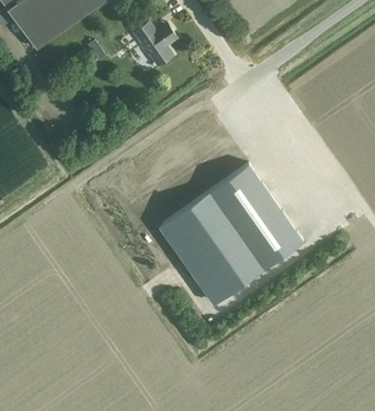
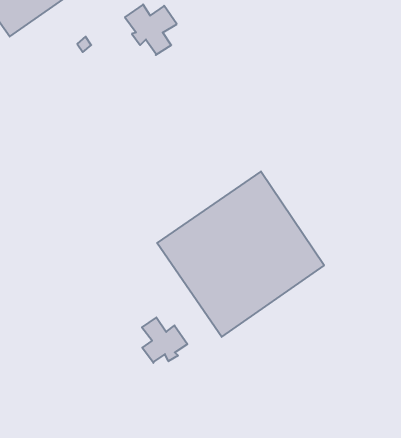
building: none -> [142,317,187,363]

